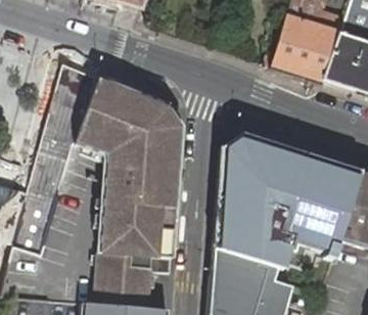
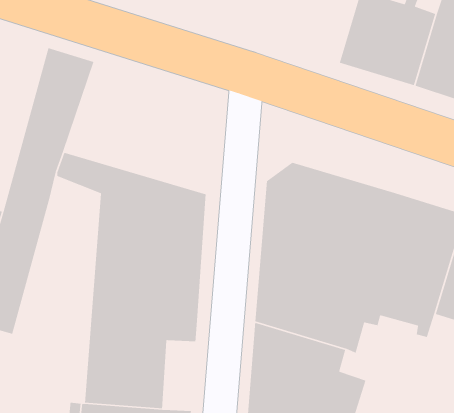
building: [79,79,181,156] -> none

